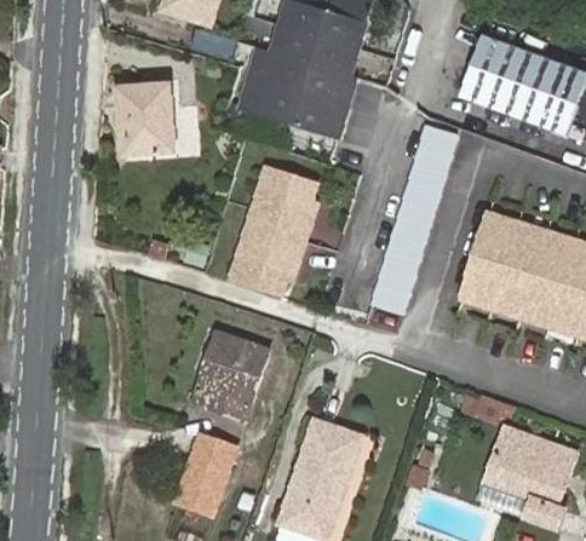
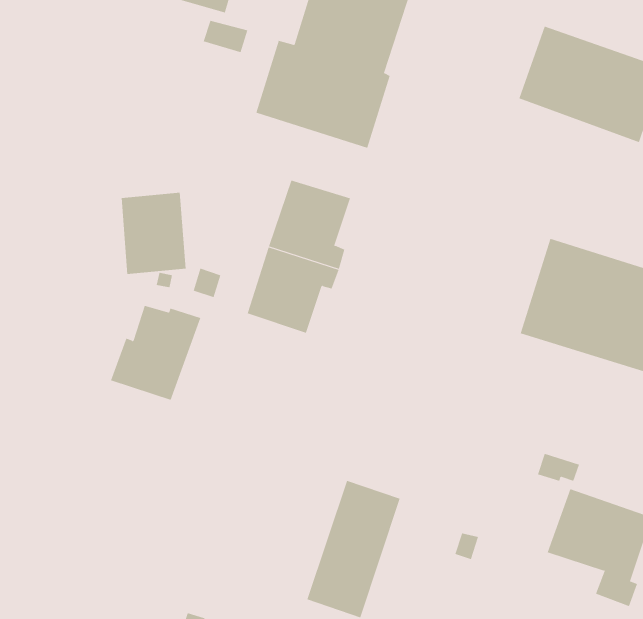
building: [120,84,176,154] -> [121,192,186,275]
building: [370,125,458,312] -> none
building: [193,338,270,419] -> [110,305,201,400]
building: [177,434,236,513] -> none

